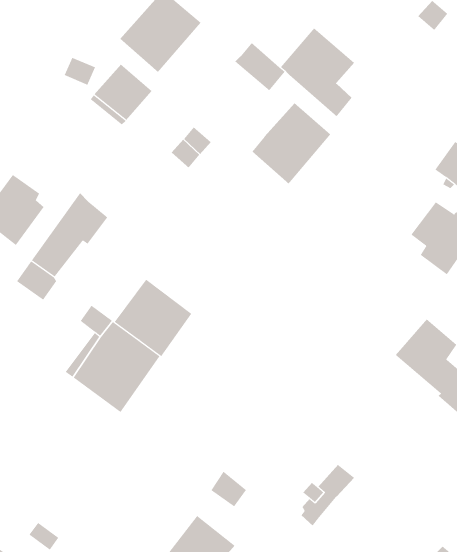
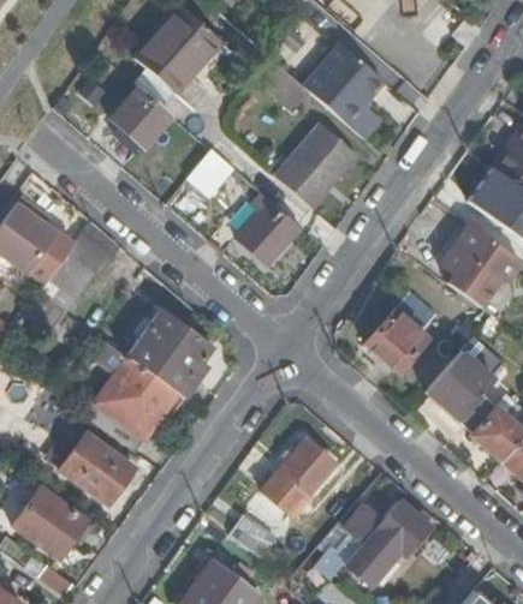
building: none -> [240,193,299,261]
building: none -> [367,307,430,371]
building: none -> [60,432,136,506]
building: none -> [263,439,338,516]
building: none -> [14,486,88,558]
building: none -> [347,501,432,584]

